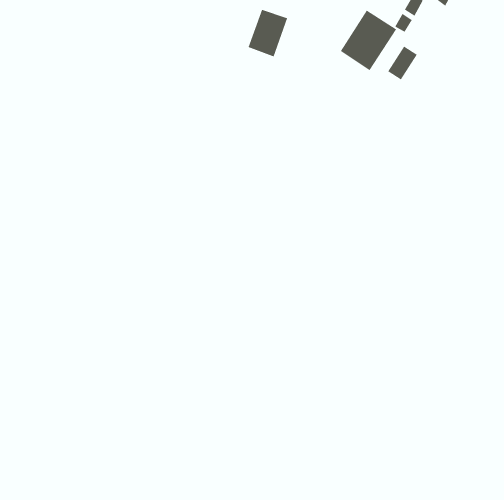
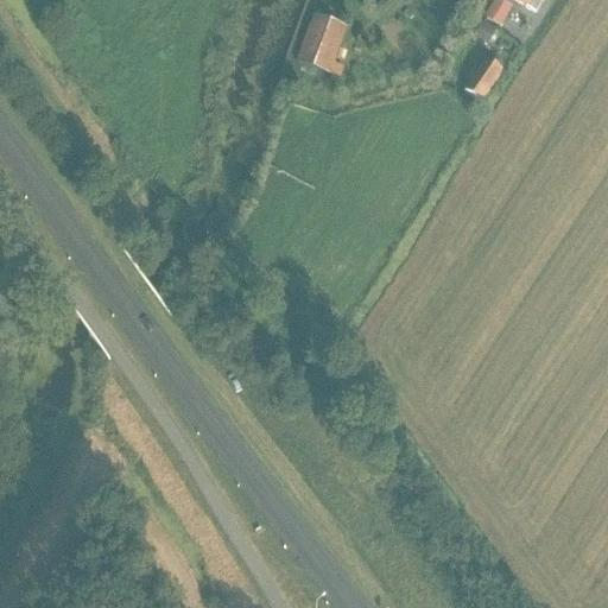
building: [340,10,397,71] -> none

